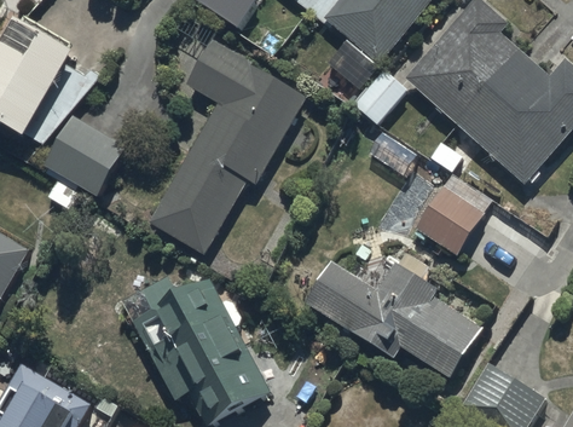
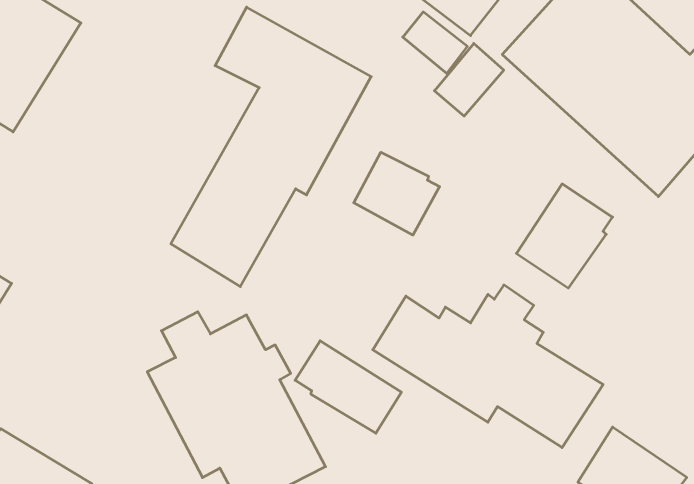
building: [45,115,125,209] -> none
building: none -> [354,152,440,235]
building: none -> [295,341,401,433]

